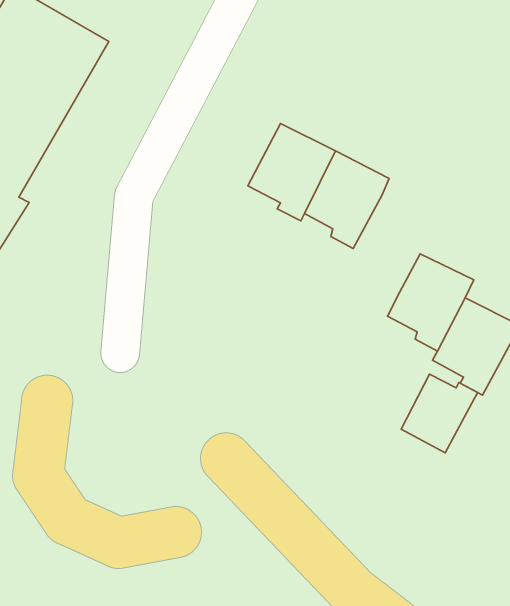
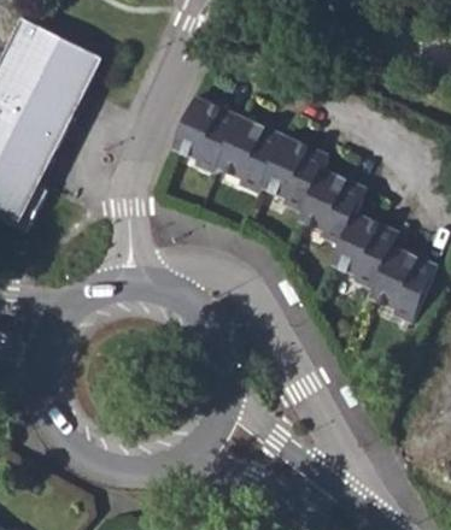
building: none -> [174,95,240,172]
building: none -> [300,167,367,243]
building: [401,374,478,453] -> none

